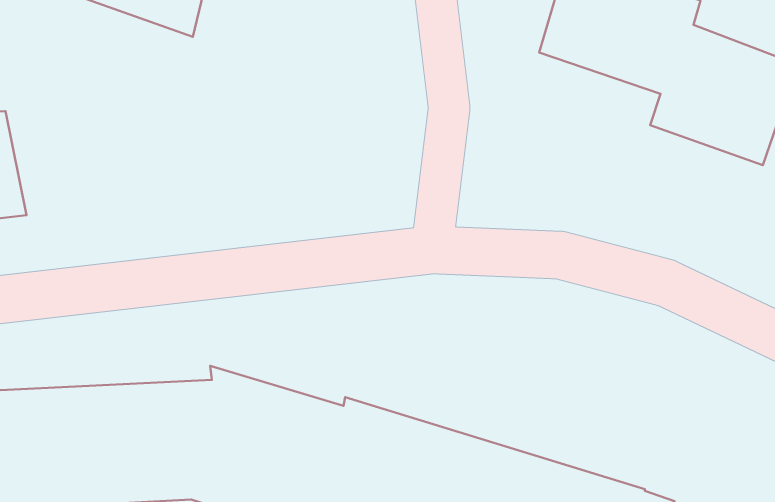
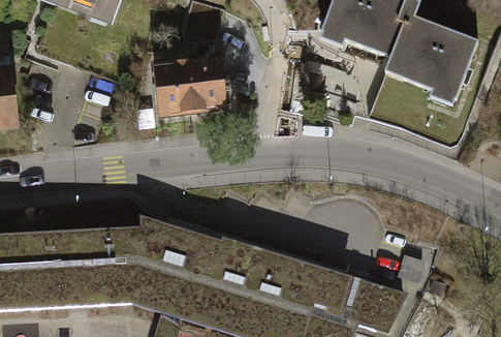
building: none -> [163,53,234,117]

